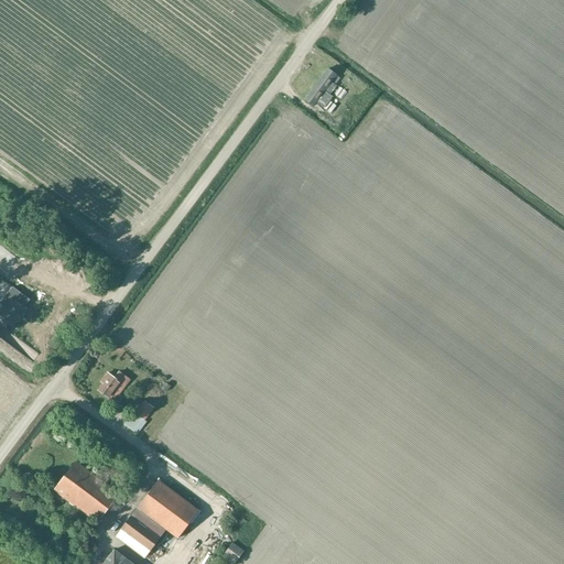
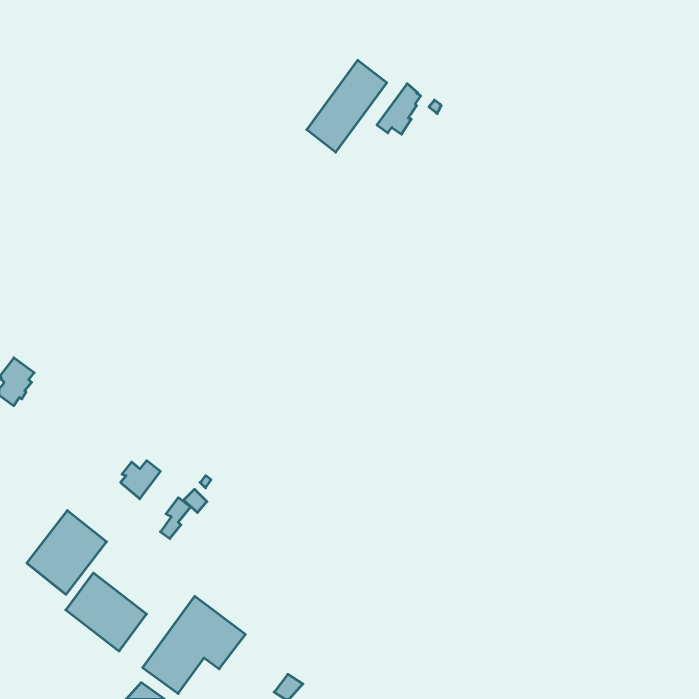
building: none -> [307,60,387,152]
building: none -> [27,510,107,594]

